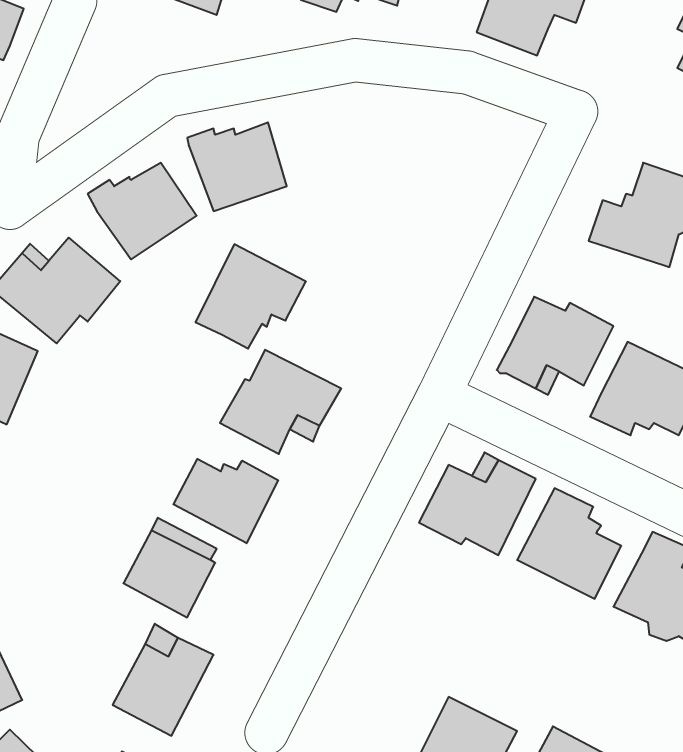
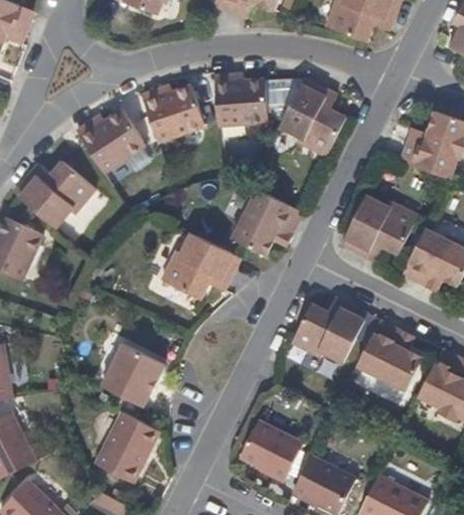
building: none -> [214,74,268,126]
building: none -> [280,77,346,157]
building: [195,244,306,349] -> [229,188,301,255]
building: [173,459,278,543] -> none
building: none -> [239,420,302,479]

